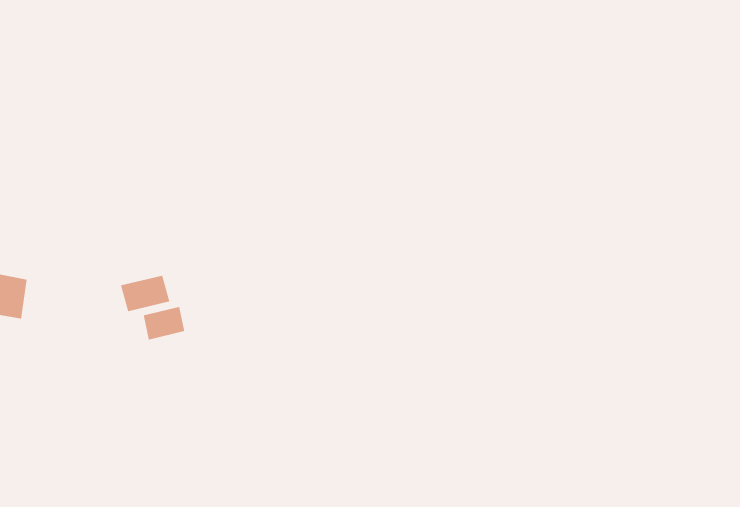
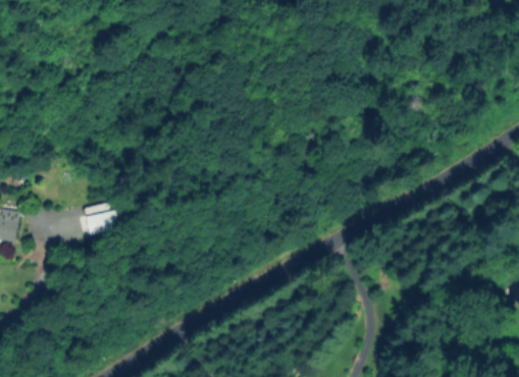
building: [143,306,185,340] -> none

